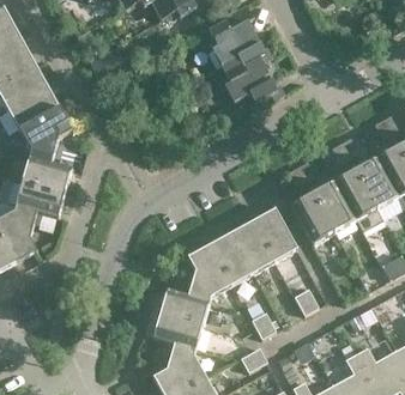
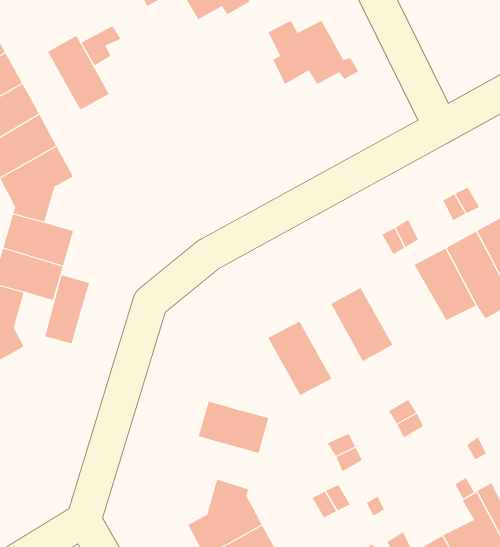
building: none -> [47,35,110,111]
building: [220,56,285,103] -> none
building: [290,193,334,244] -> none
building: none -> [44,274,90,344]
building: [231,220,276,273] -> none
building: [187,244,231,300] -> none
building: [152,314,203,351] -> none

